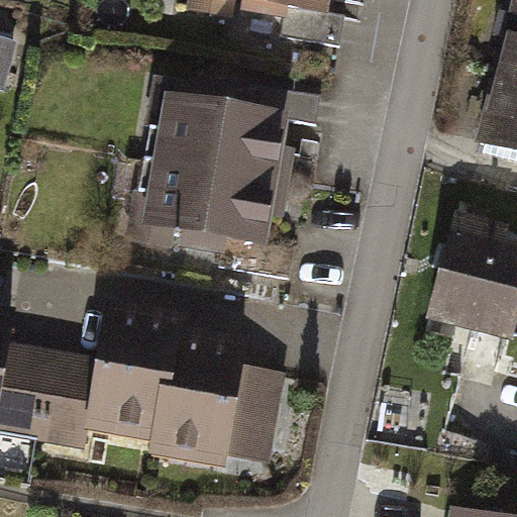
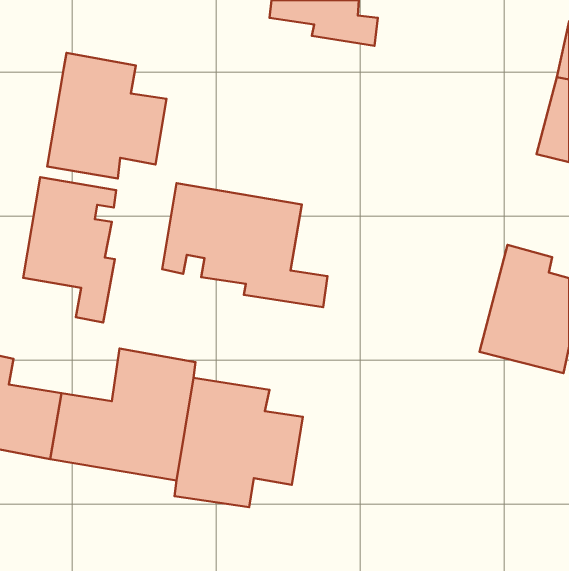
building: none -> [47,53,167,179]
building: [160,88,321,185] -> none
building: none -> [23,177,116,323]

